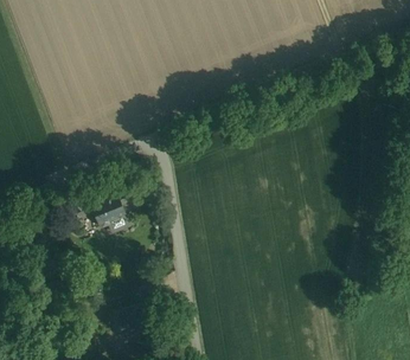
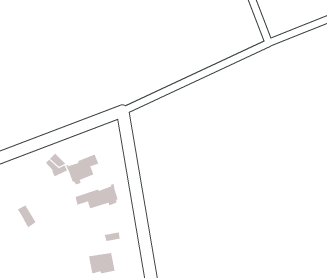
building: none -> [75,183,119,209]

